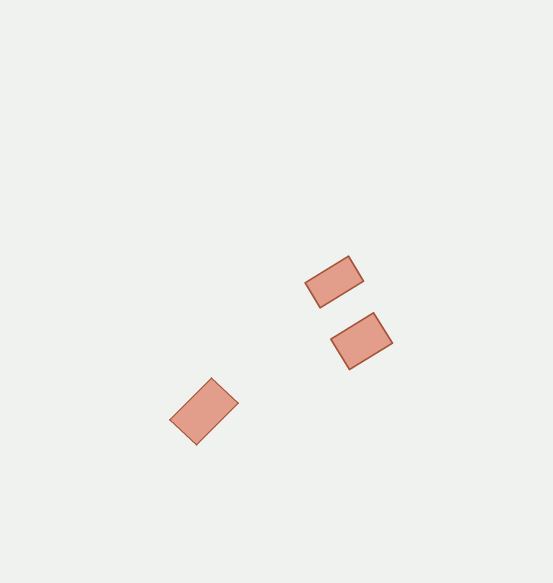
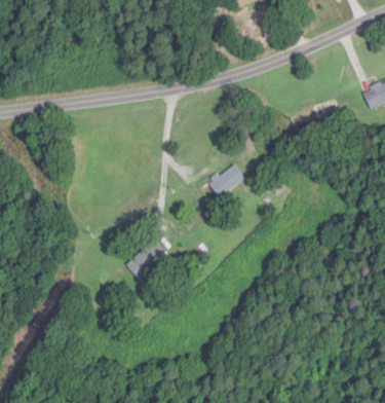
building: [331,313,393,369] -> none

